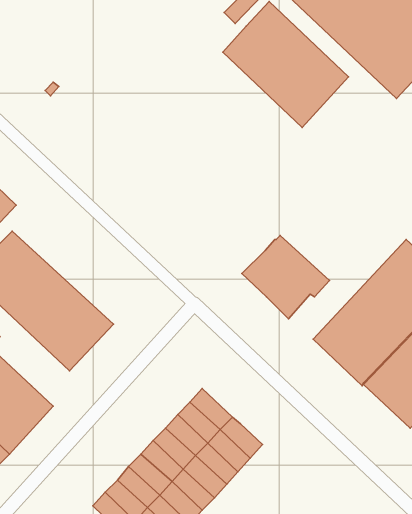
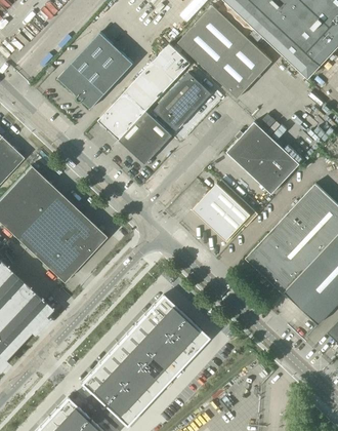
building: none -> [58,33,133,109]
building: none -> [98,44,191,164]
building: none -> [154,73,212,131]
building: none -> [226,122,300,195]
building: none -> [20,166,107,247]

